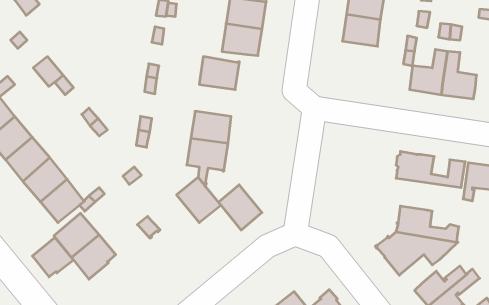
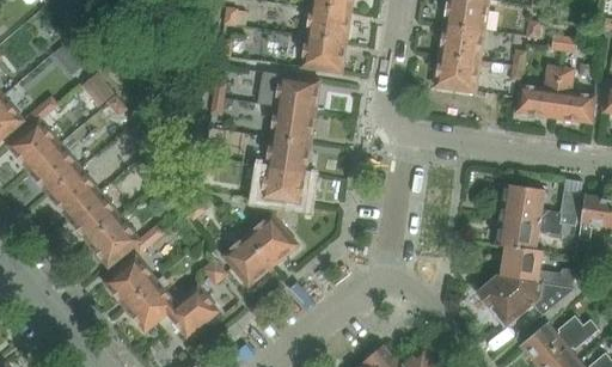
building: none -> [435,55,479,92]
building: none -> [268,105,314,142]
building: none -> [495,214,576,251]
building: [219,185,262,230] -> [222,233,273,286]
building: [32,238,73,277] -> none
building: none -> [166,283,218,336]

